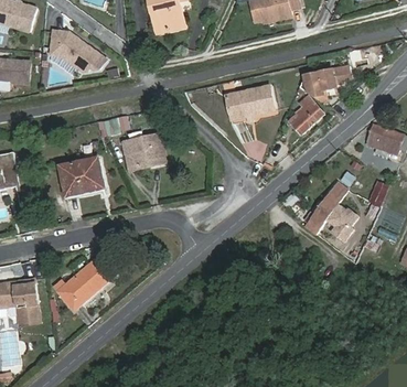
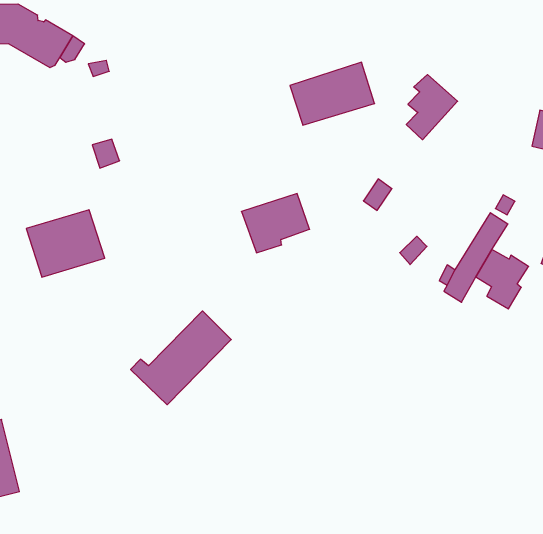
building: [298,65,352,97] -> none
building: [124,136,163,169] -> [241,194,310,253]
building: [54,255,116,309] -> [131,311,231,405]

